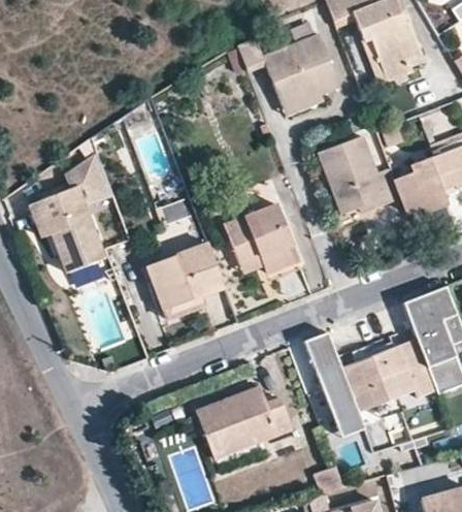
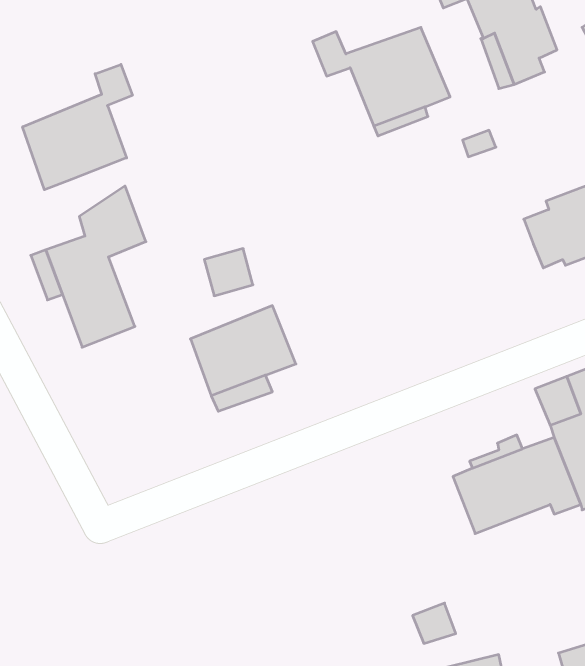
building: none -> [23,64,132,190]
building: [320,136,402,215] -> none
building: [226,203,301,273] -> none
building: [304,333,367,441] -> none
building: [198,387,293,457] -> none

